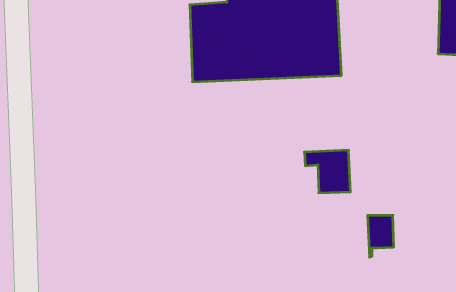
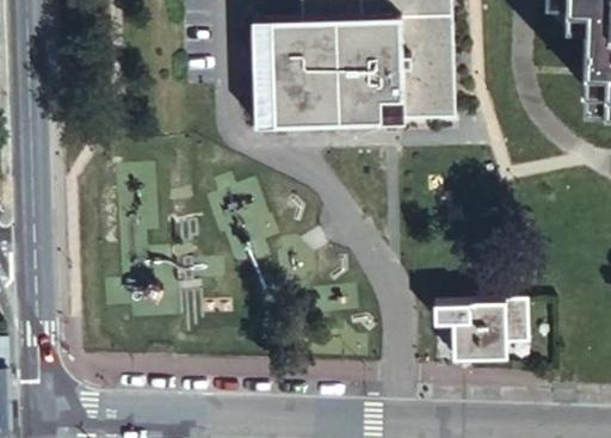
building: [304,150,350,193] -> [430,301,490,357]

